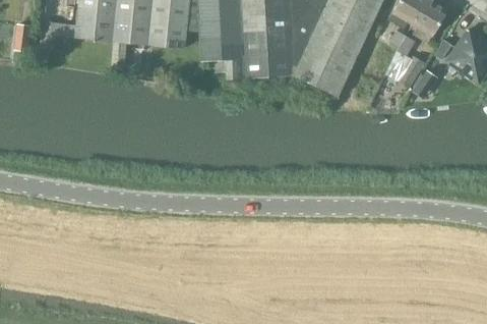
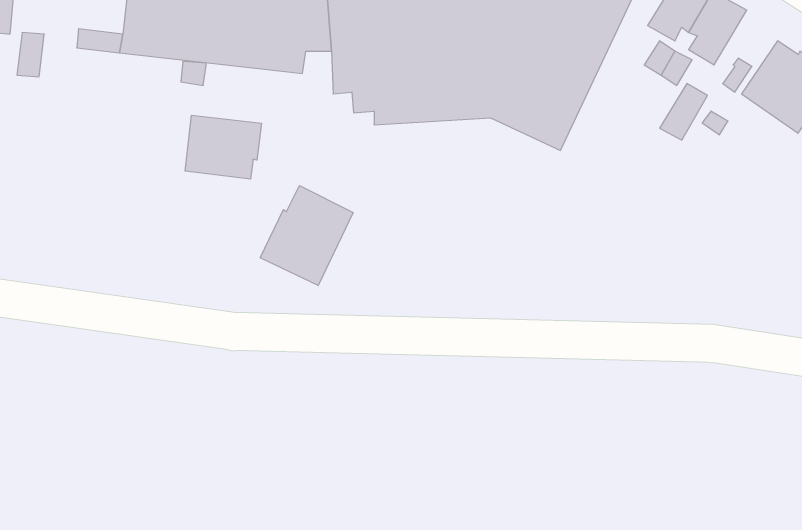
building: none -> [185,115,262,179]
building: none -> [260,186,353,286]

